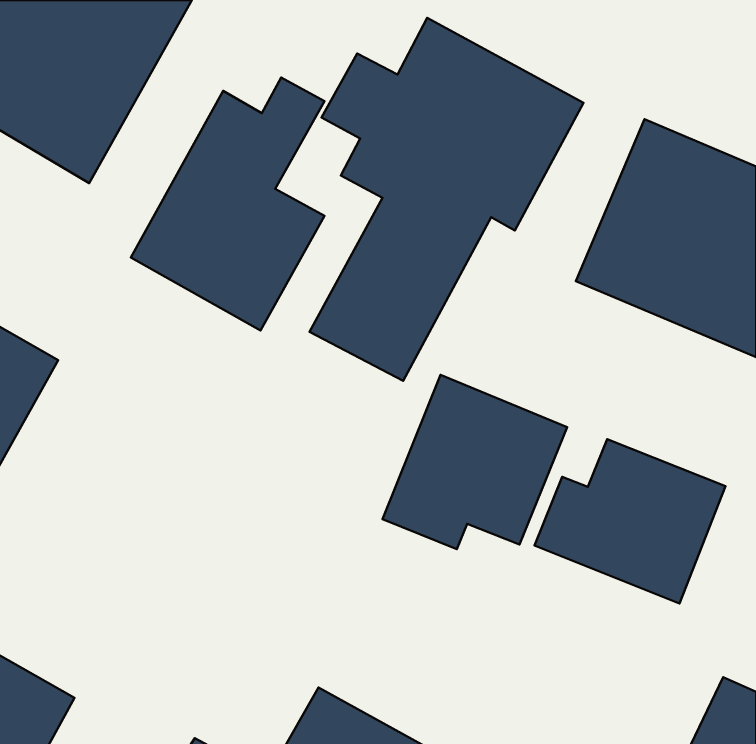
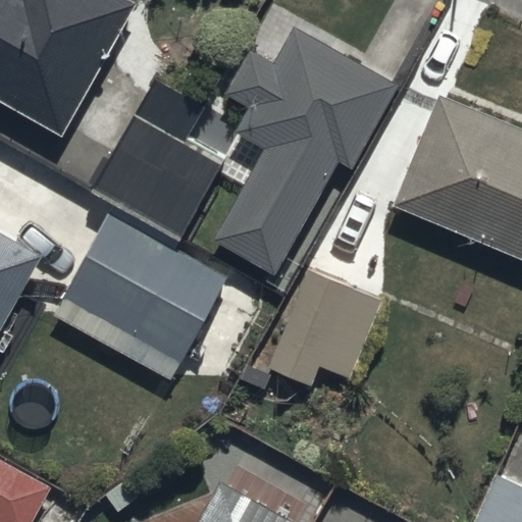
building: none -> [59,214,227,369]
building: [535,439,725,604] -> none

